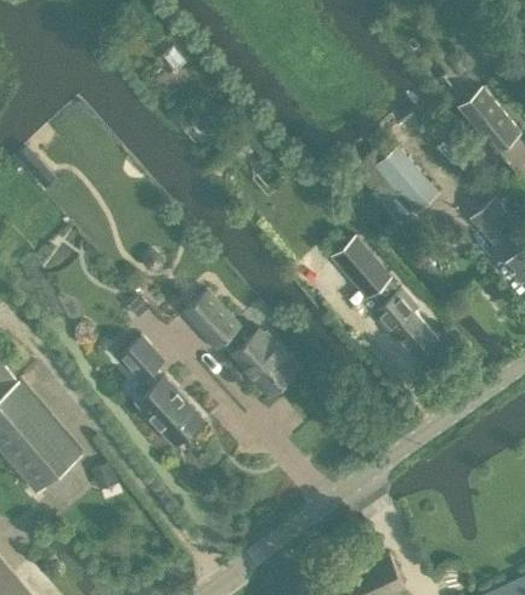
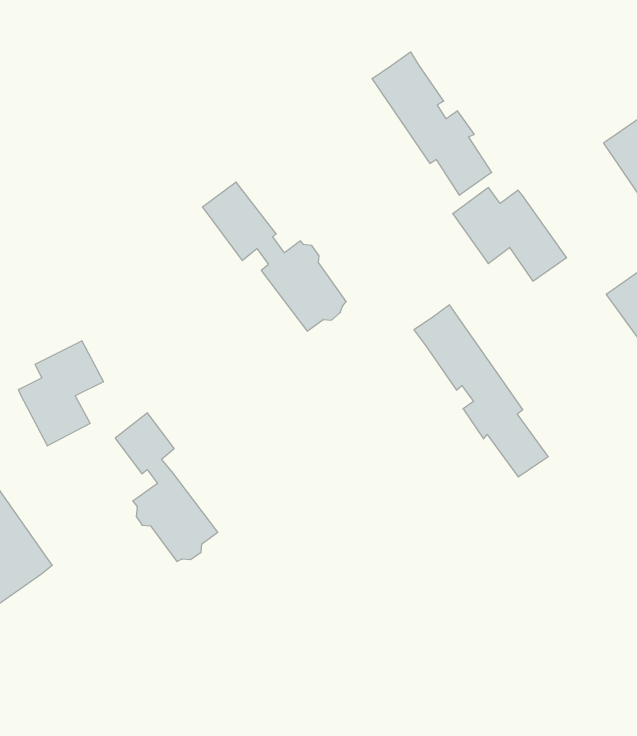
building: none -> [372,52,492,195]
building: none -> [19,341,103,446]
building: [184,291,295,396] -> [202,182,346,331]

